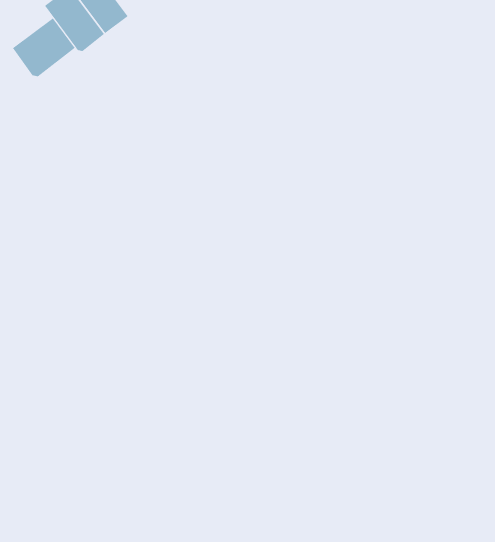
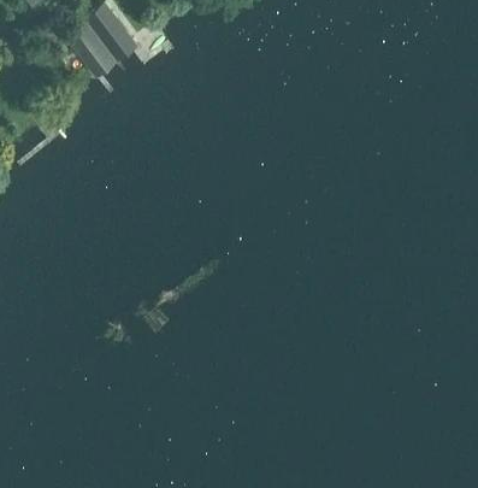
building: [12,18,75,77] -> none

